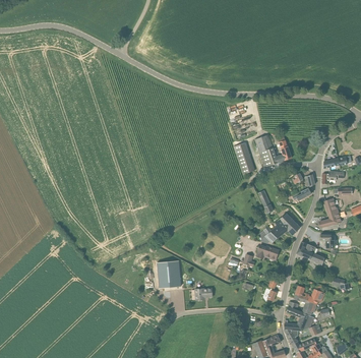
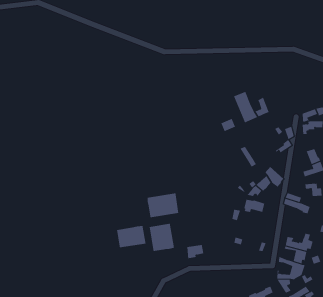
building: none -> [147,192,179,218]
building: none -> [116,225,146,248]

